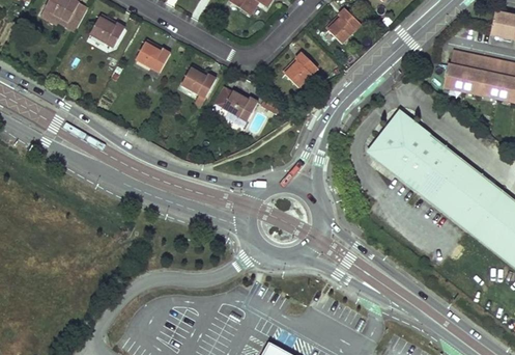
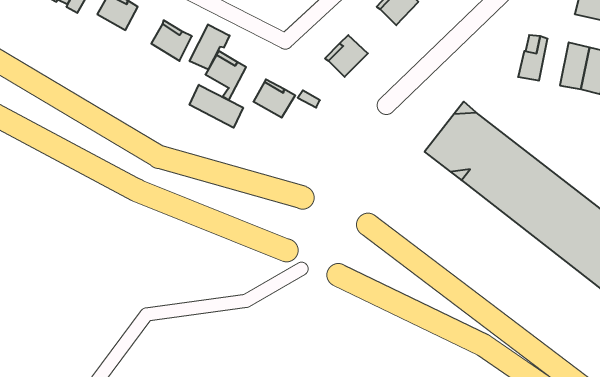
building: none -> [190,24,230,70]
building: [462,55,487,94] -> none
building: none -> [190,85,243,128]

